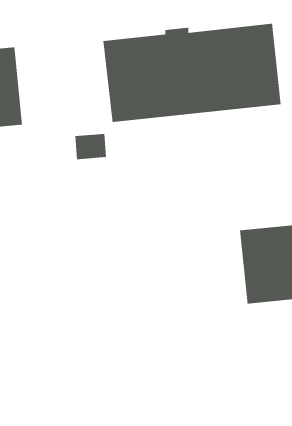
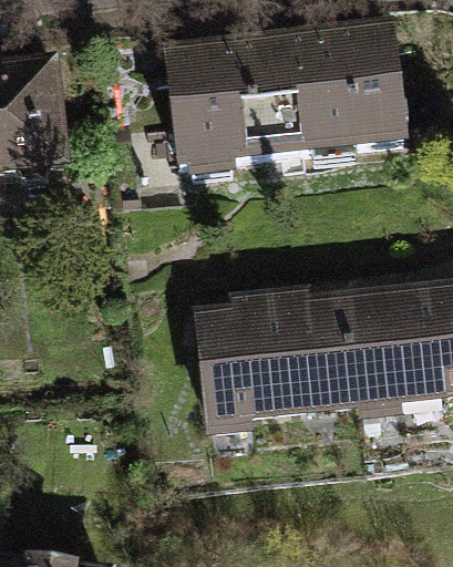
building: none -> [199,292,357,414]

